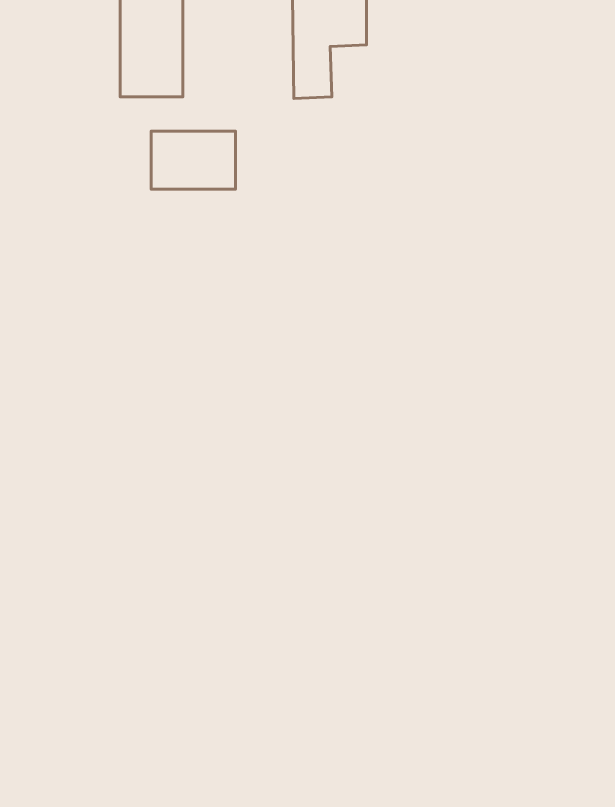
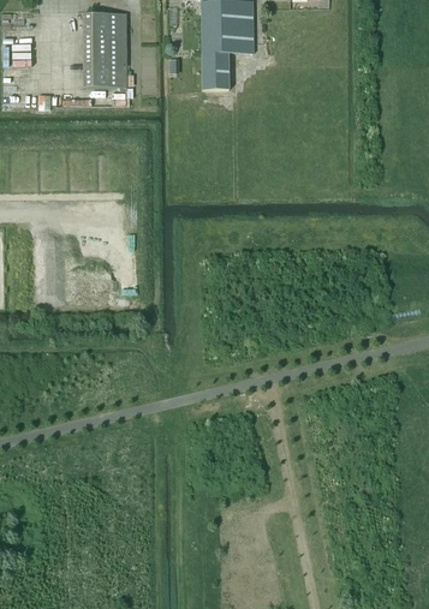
building: [151,131,235,189] -> none

